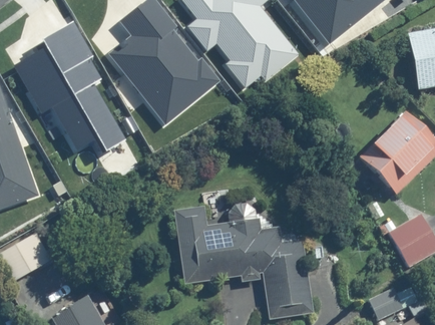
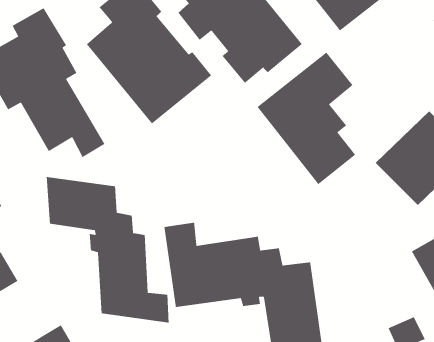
building: none -> [257,52,356,185]
building: none -> [46,176,170,324]

